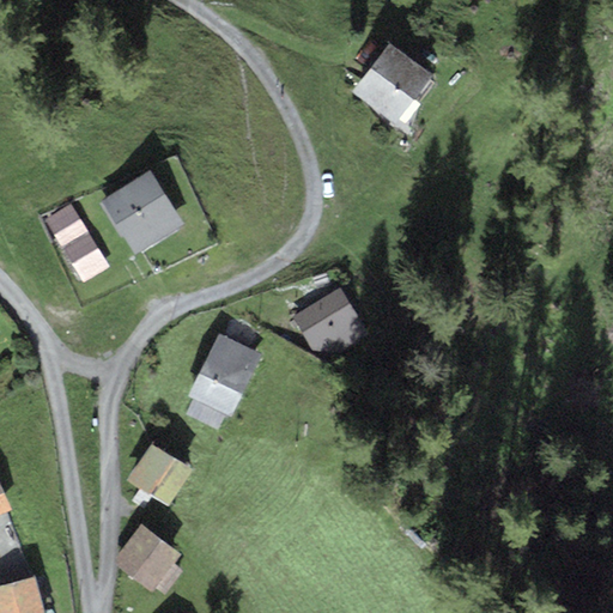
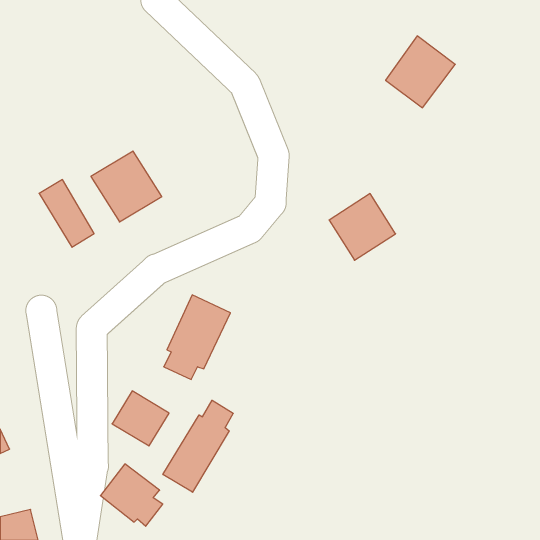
building: [353,41,432,122] -> [386,36,455,108]
building: [293,287,369,363] -> [329,194,396,260]
building: none -> [163,400,233,492]

